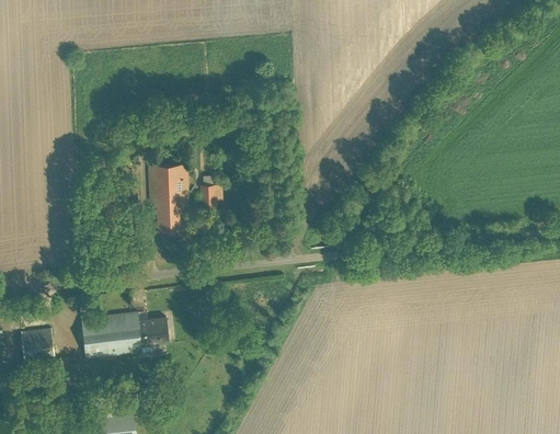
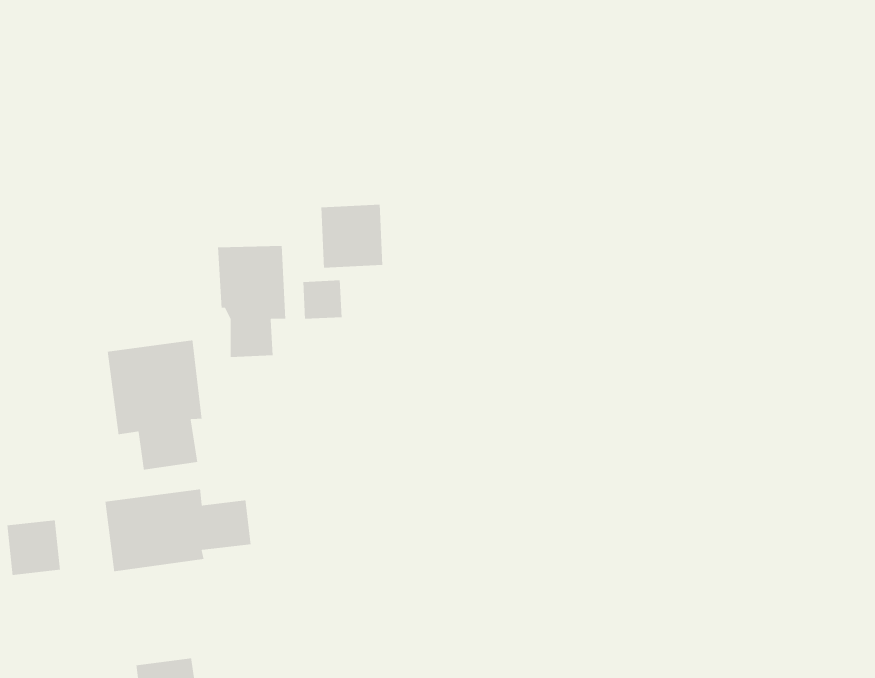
building: none -> [320,204,383,269]
building: none -> [107,339,203,470]

